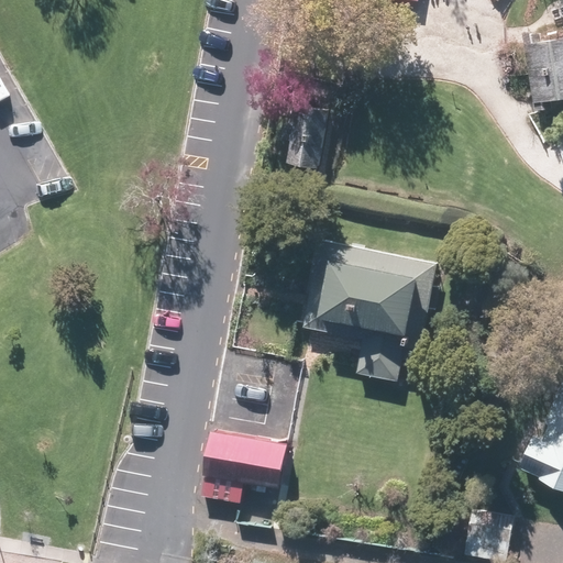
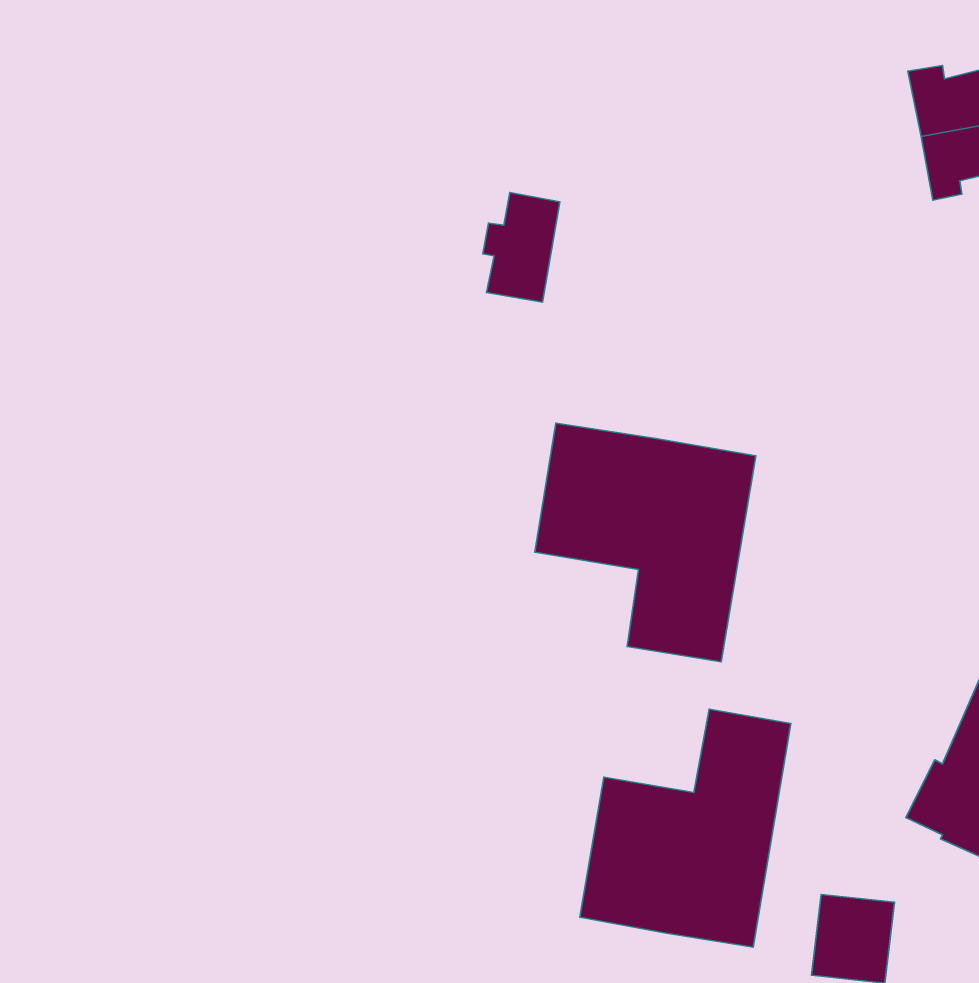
building: none -> [580,709,791,947]
building: [203,431,290,486] -> none

